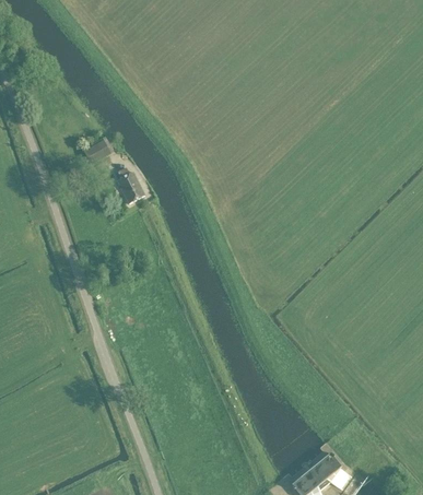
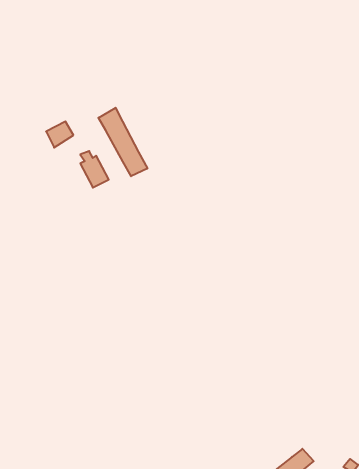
building: none -> [98,108,147,176]

